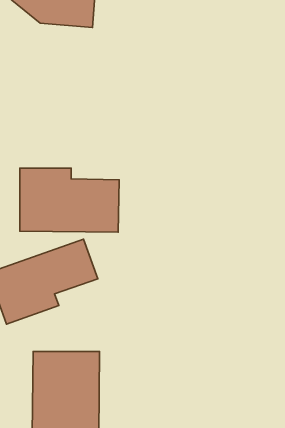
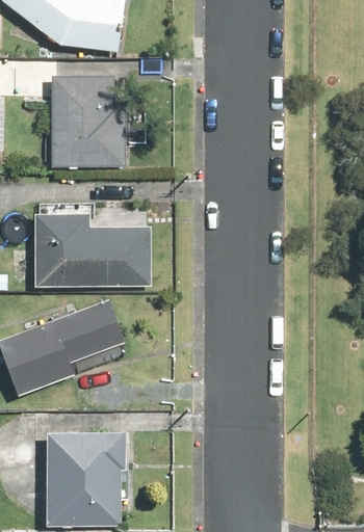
building: none -> [51,74,127,172]

